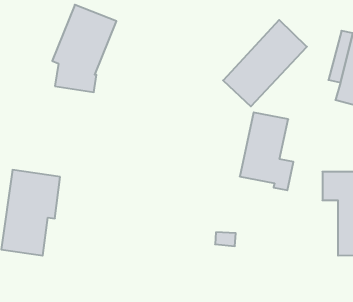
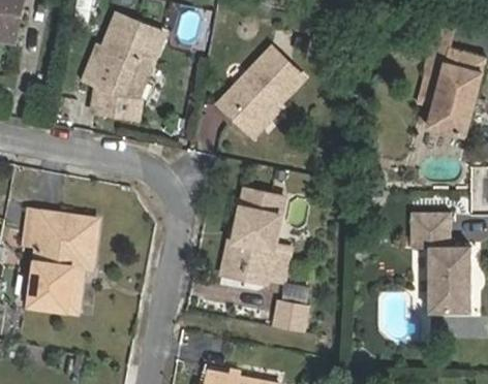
building: [223,20,307,106] -> [217,31,317,134]
building: [240,112,293,190] -> [226,189,291,282]
building: none -> [269,299,307,332]

